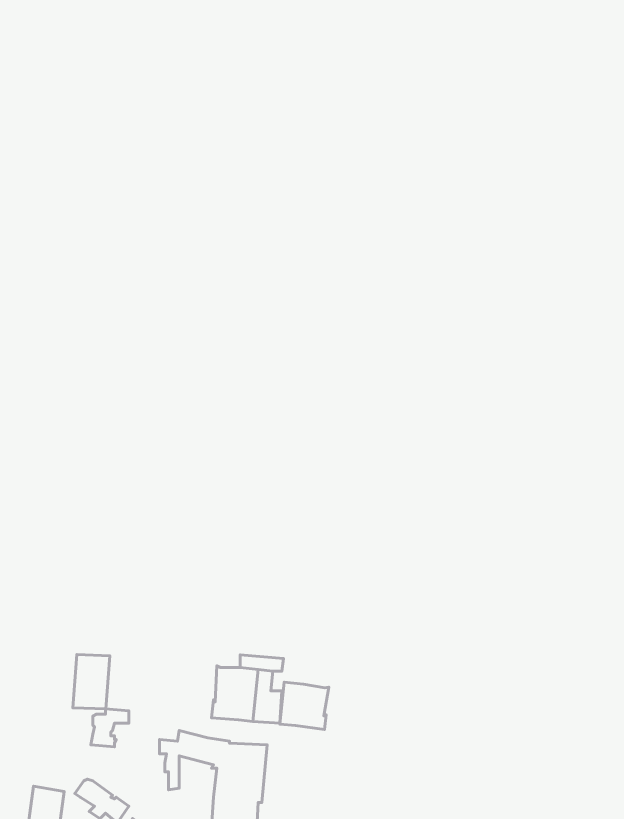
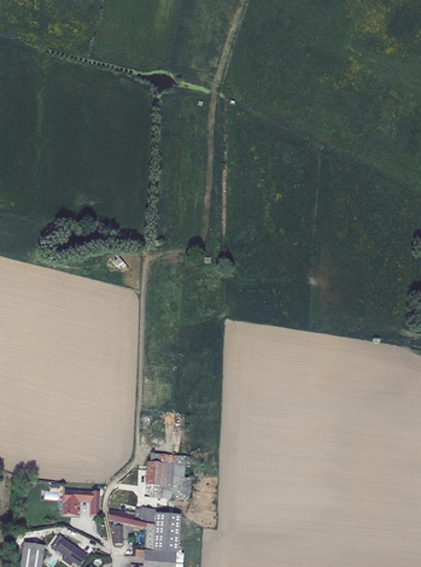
building: [73,655,110,709] -> none
building: [280,682,329,729] -> none

